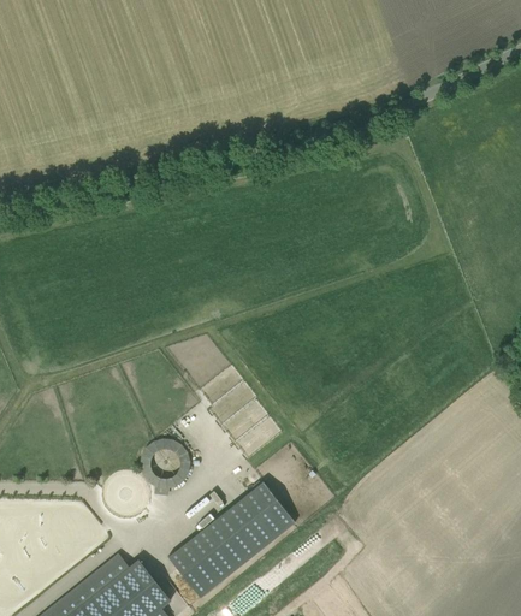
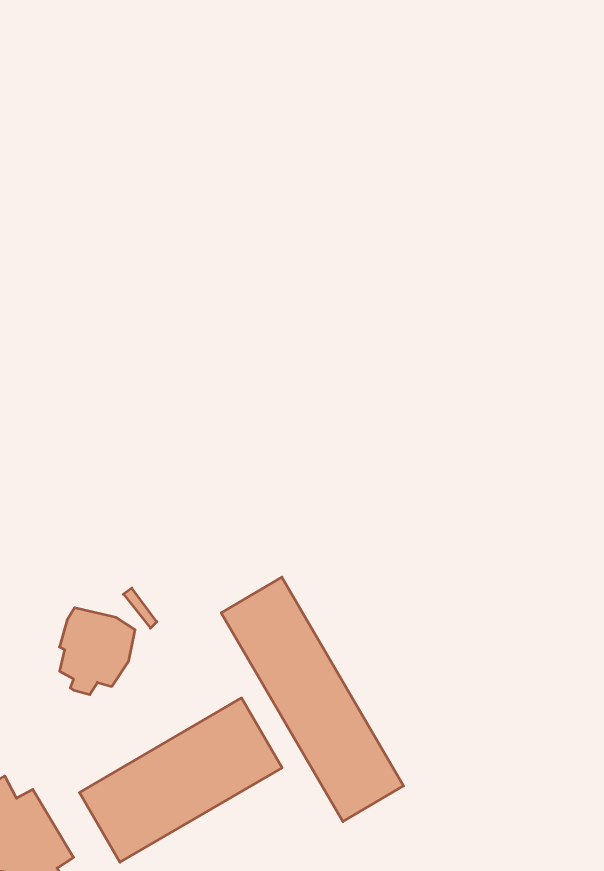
building: none -> [221,577,404,822]

